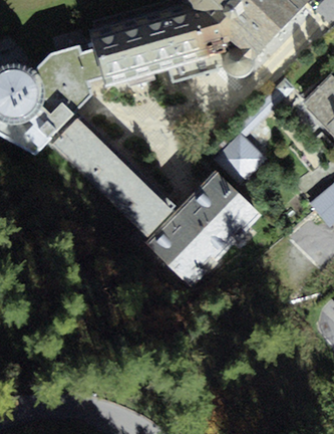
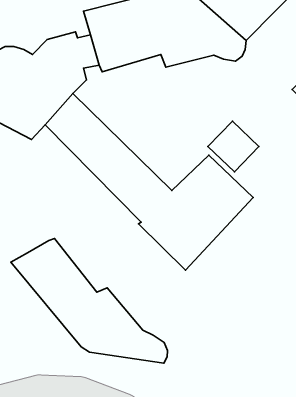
building: none -> [11,238,168,363]

